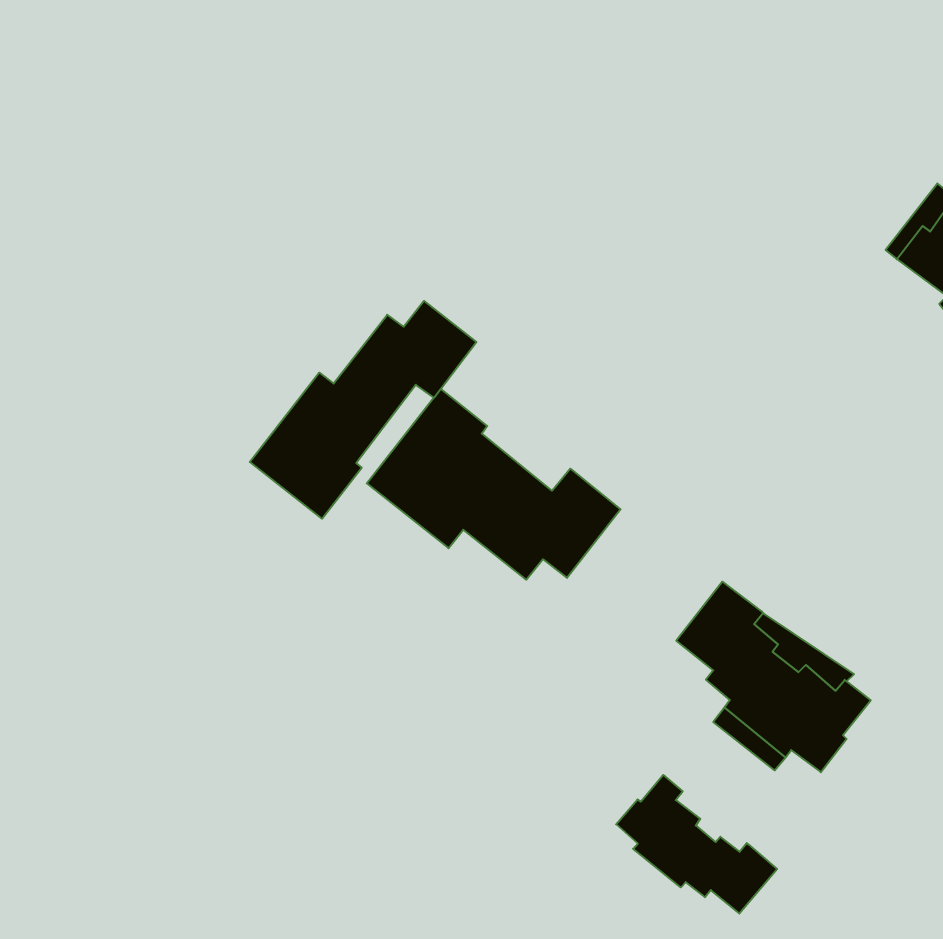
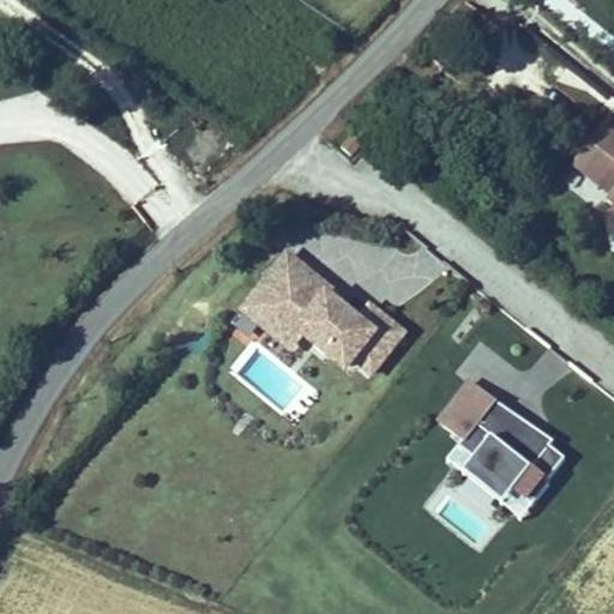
building: [250,301,476,519] -> none
building: [616,775,777,914] -> none

